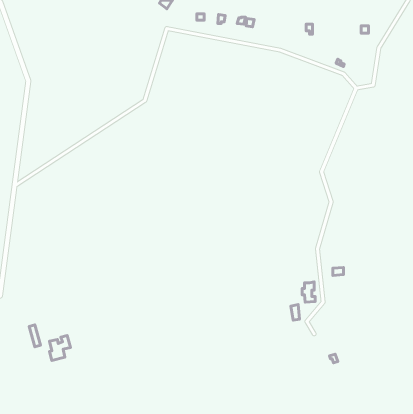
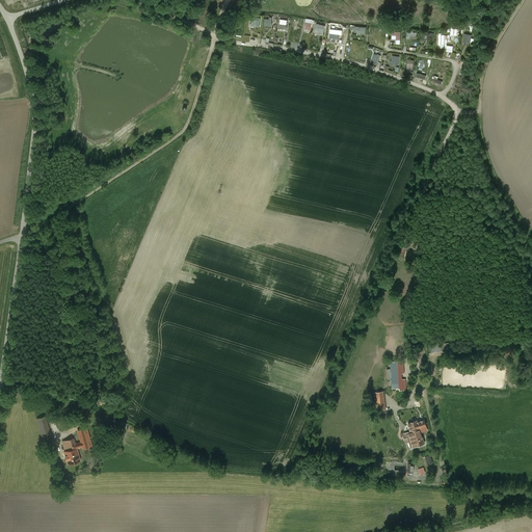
building: none -> [405,420,428,448]

